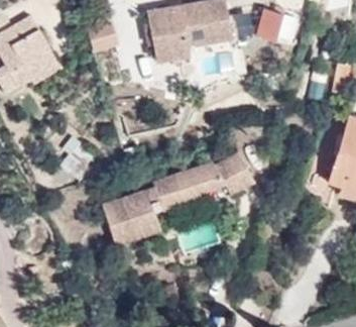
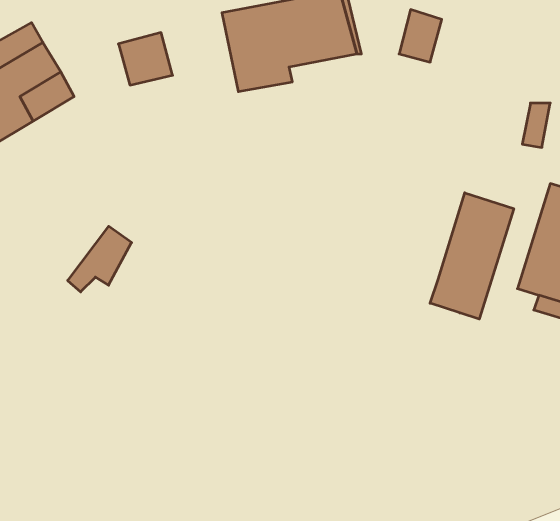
building: none -> [430,193,514,319]
building: [102,151,255,241] -> none

